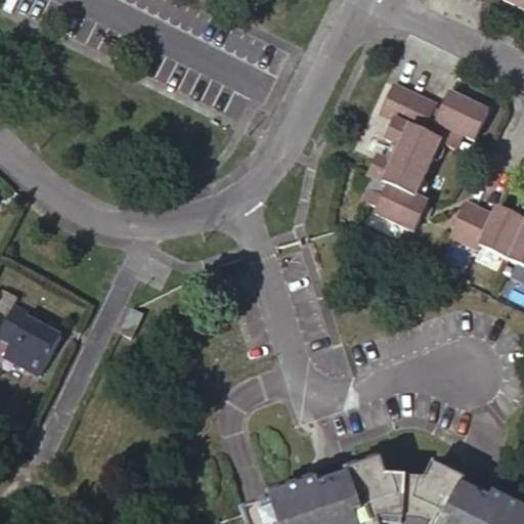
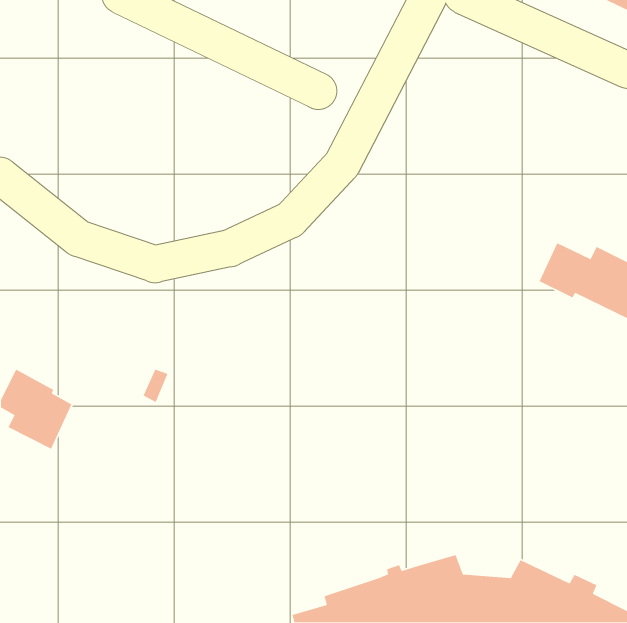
building: [365,84,488,231] -> none

